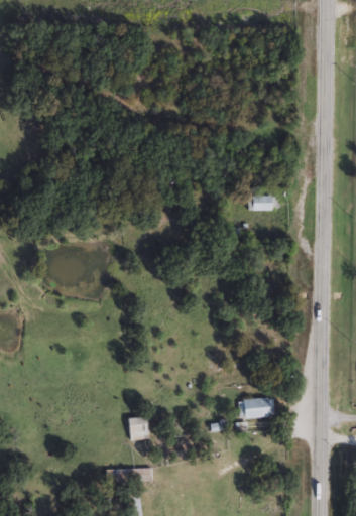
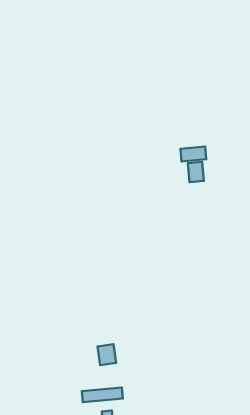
building: none -> [188,162,204,182]
building: [242,399,270,418] -> none

